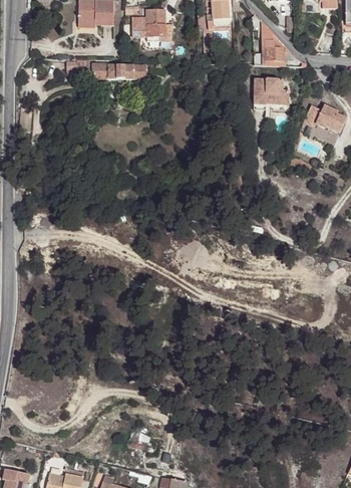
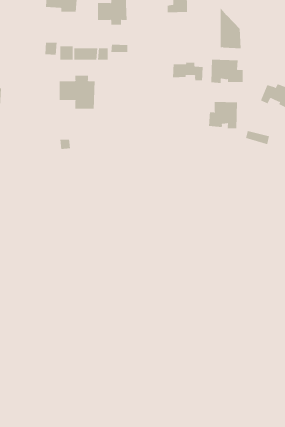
building: none -> [173,62,203,81]
building: none -> [59,75,95,109]
building: none -> [209,101,238,129]

